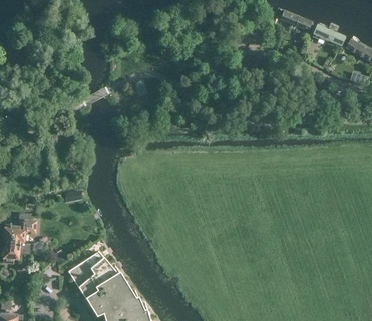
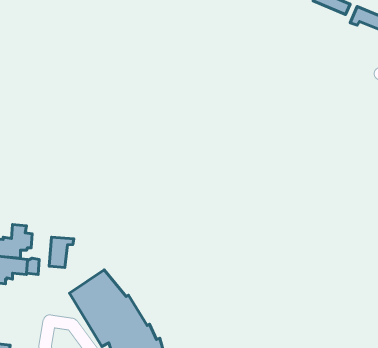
building: none -> [49,237,74,267]

